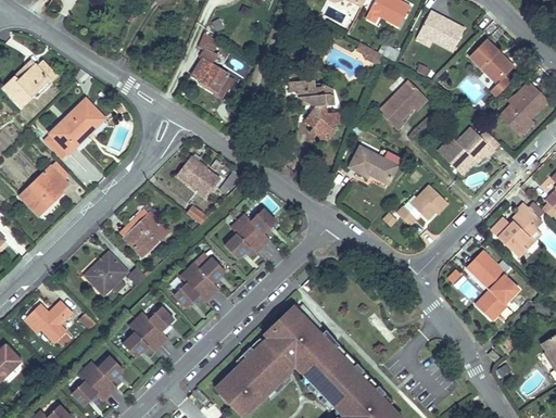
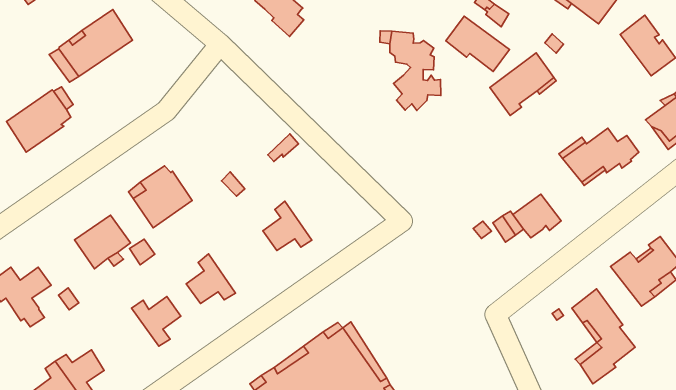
building: [349,145,397,183] -> [446,16,510,72]
building: [177,155,219,195] -> none
building: [238,208,276,246] -> none
building: [187,257,225,295] -> none
building: [123,319,161,357] -> none

